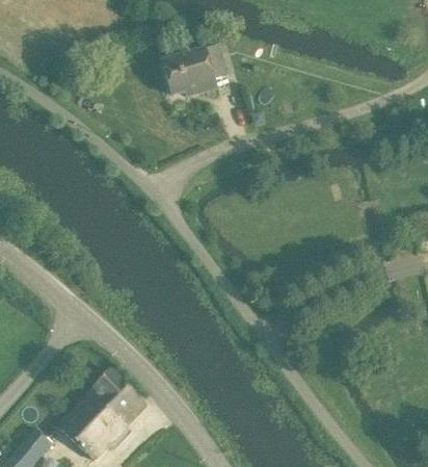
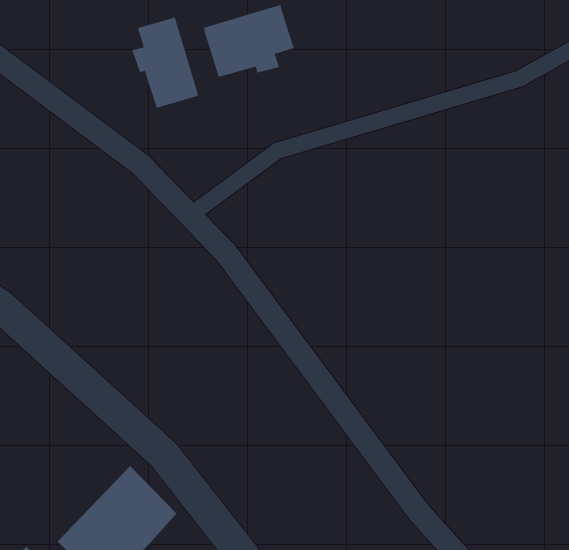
building: none -> [132,16,199,109]

